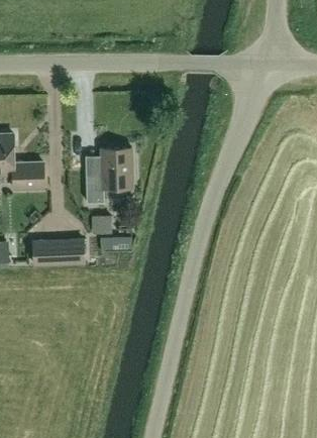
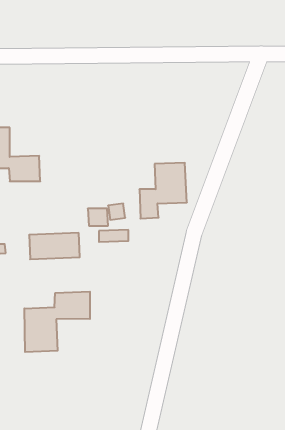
building: [85,146,132,202] -> [139,163,187,219]
building: none -> [24,292,90,352]

